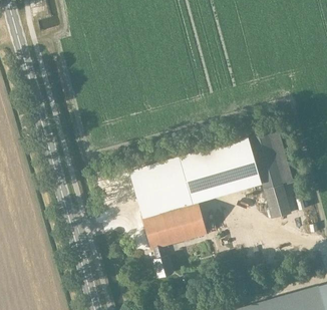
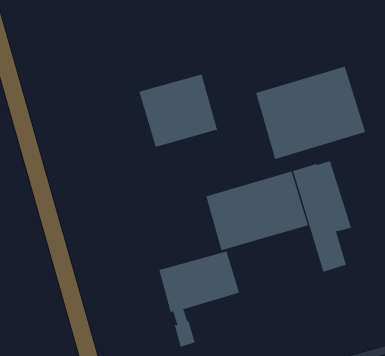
building: none -> [255,66,366,160]
building: [130,159,194,217] -> [139,74,219,147]

